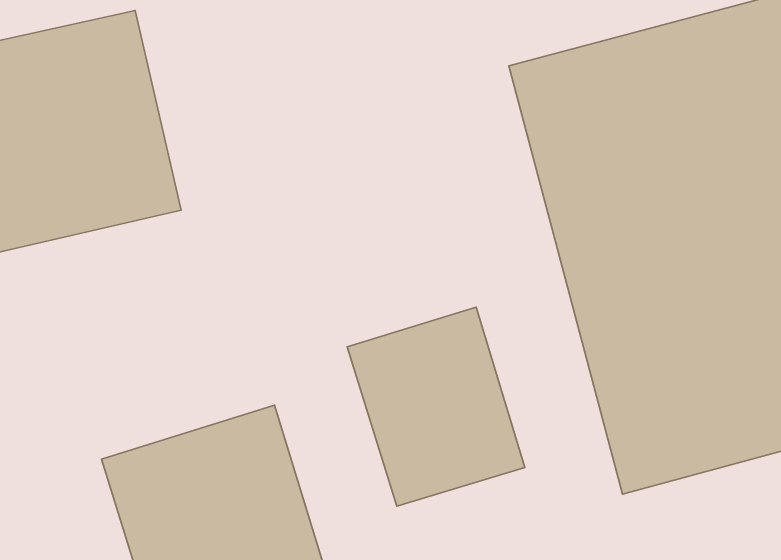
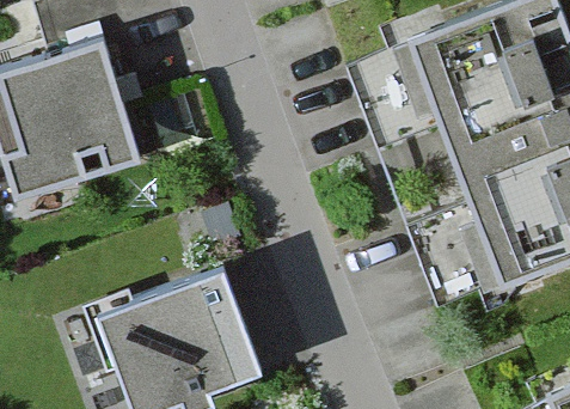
building: [347,307,525,506] -> none

